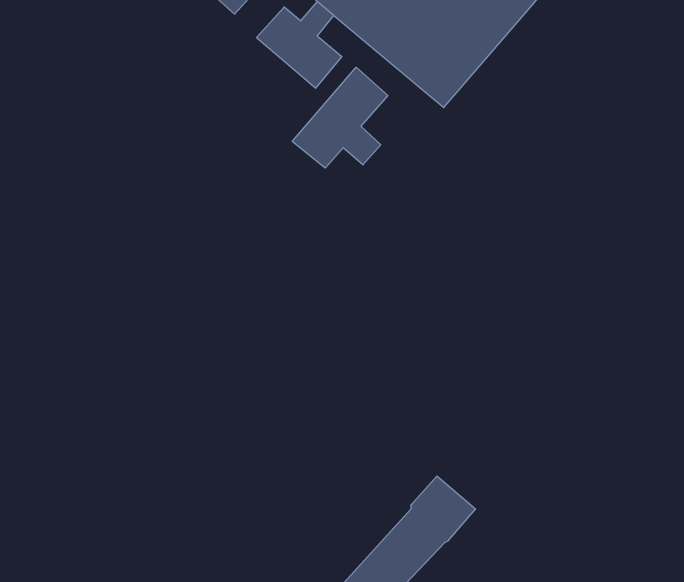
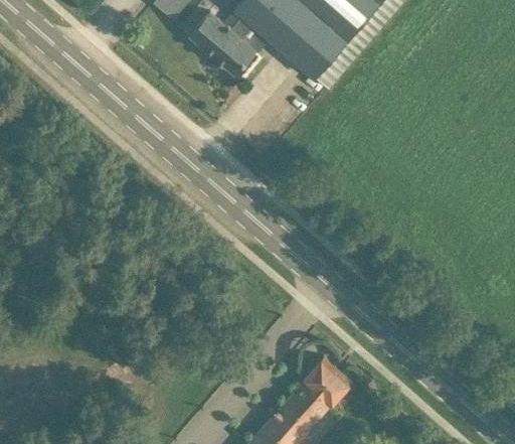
building: [292,67,388,168] -> none

